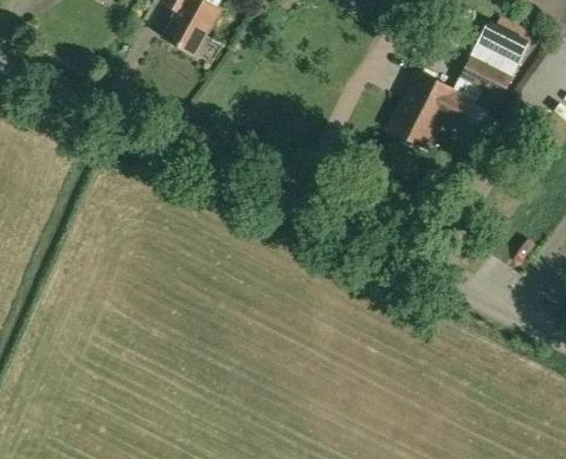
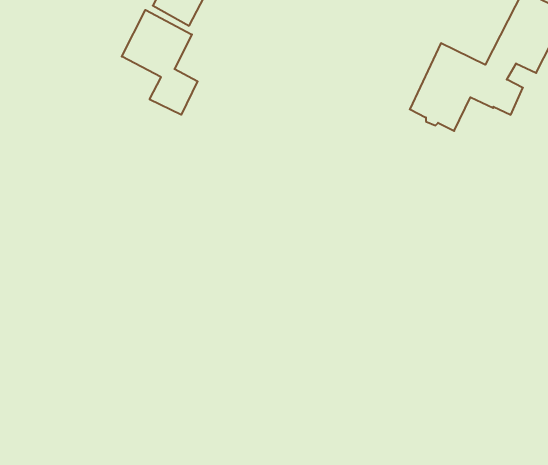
building: none -> [122,10,198,115]

